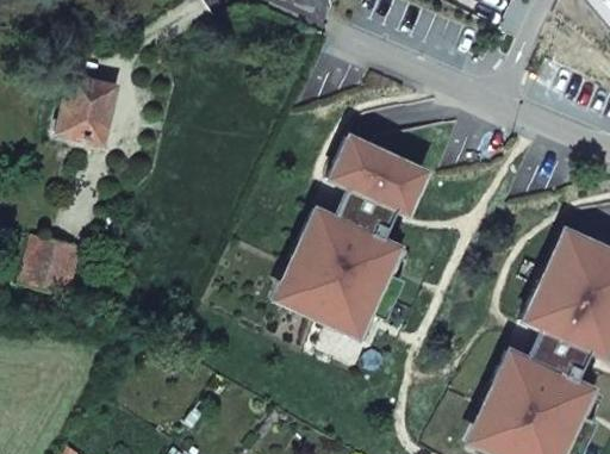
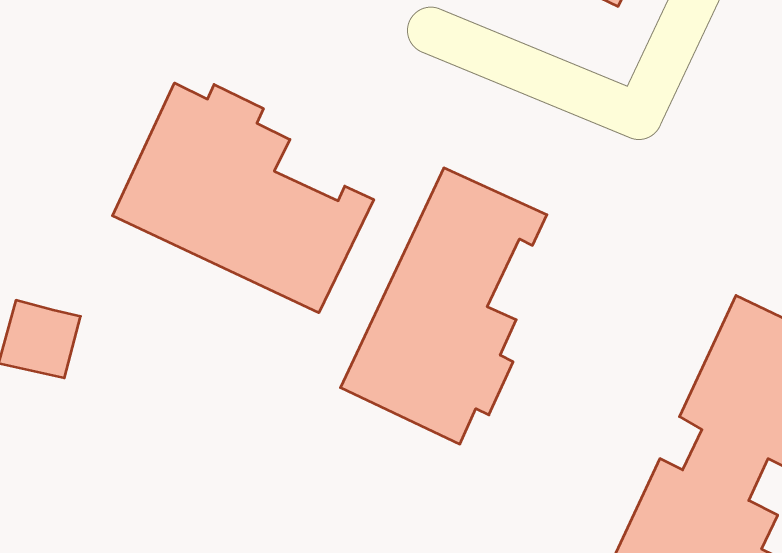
building: none -> [112,83,374,313]
building: [57,75,116,142] -> none

